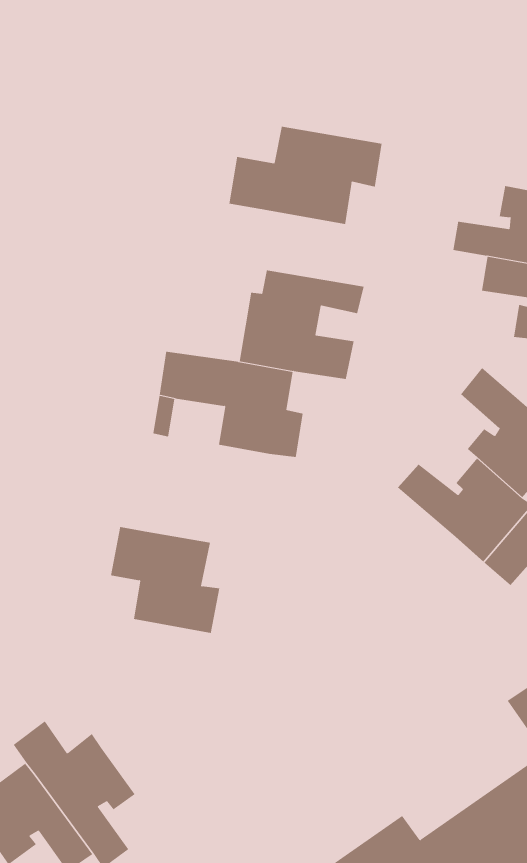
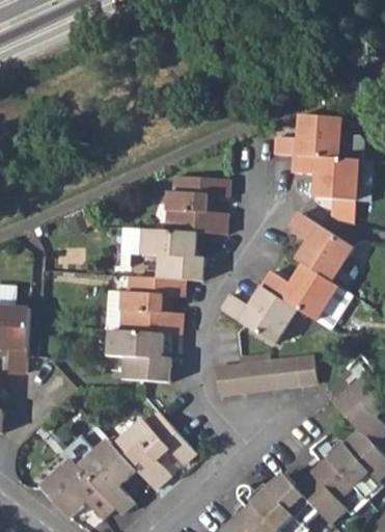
building: [229,126,382,225] -> none
building: none -> [125,275,189,332]
building: none -> [221,289,298,347]
building: none -> [216,358,317,394]
building: none -> [114,418,198,497]

